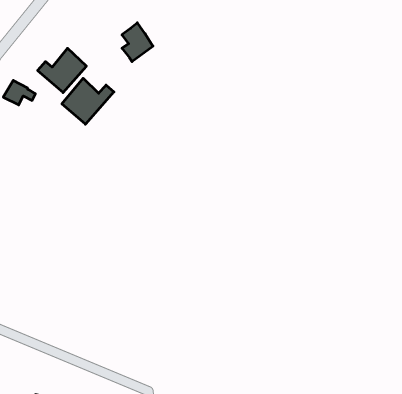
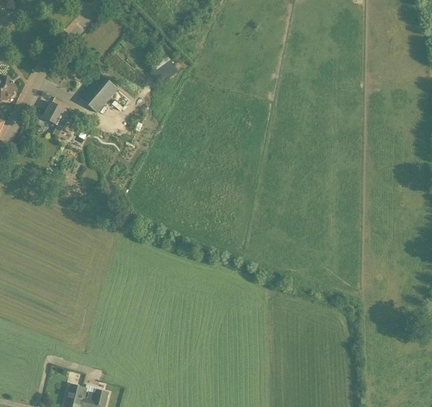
building: [62,78,114,124] -> none

